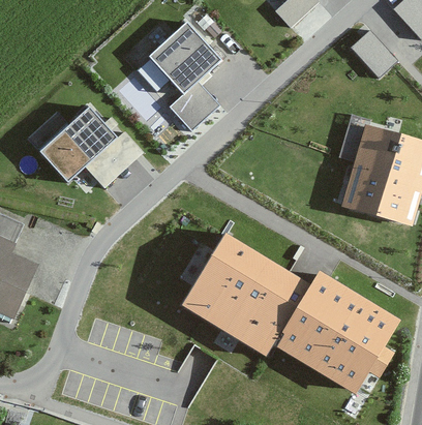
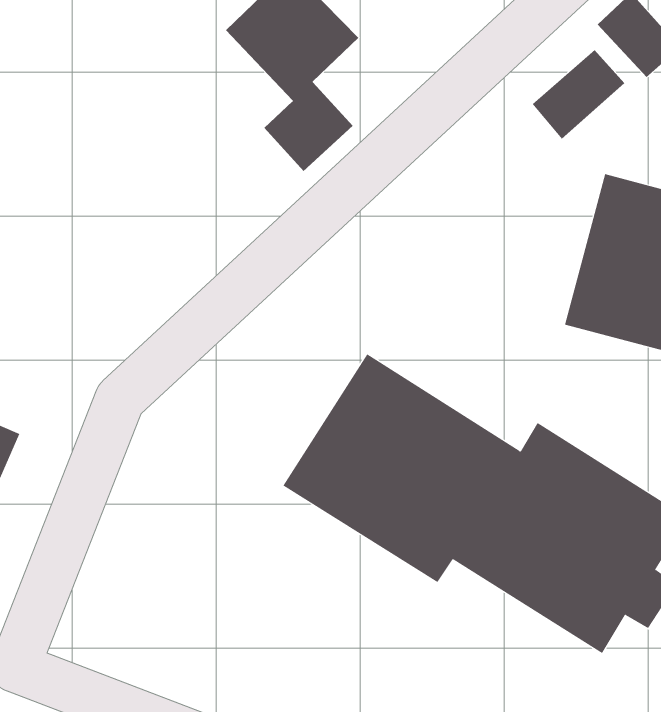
building: none -> [532,49,625,140]
building: [36,101,141,187] -> none

